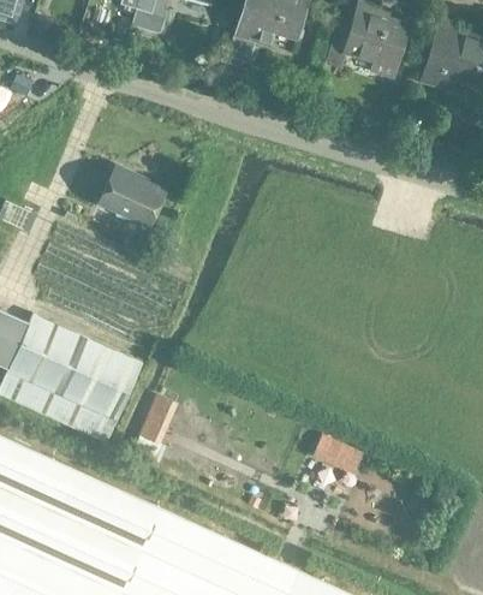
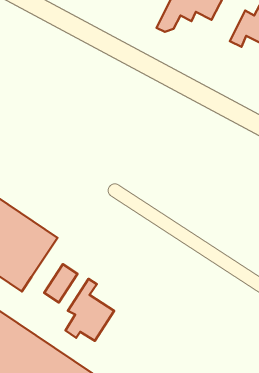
building: [99,166,165,227] -> none
building: none -> [65,279,114,341]
building: [310,439,360,478] -> none

